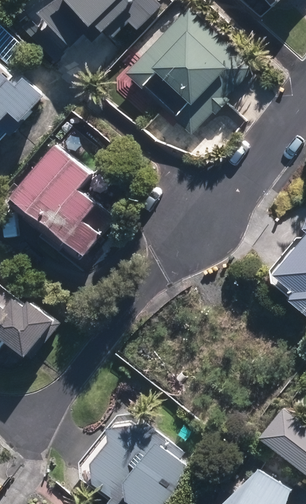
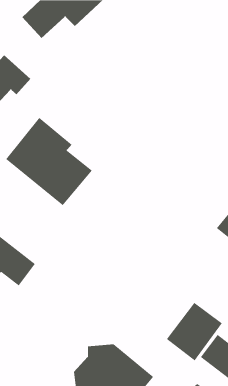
building: [127,12,244,129] -> none
building: none -> [166,302,223,361]

